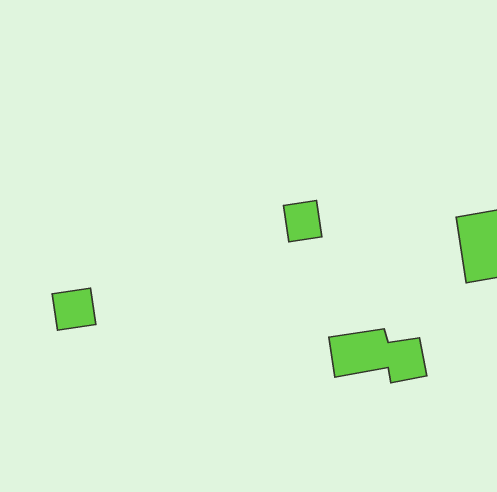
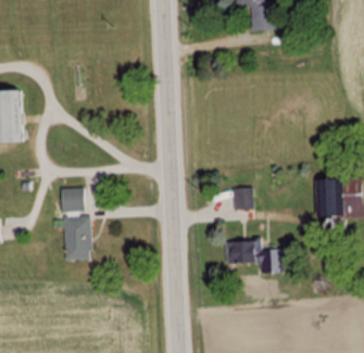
building: [283,201,322,242] -> [234,188,254,211]
building: none -> [61,216,92,261]

